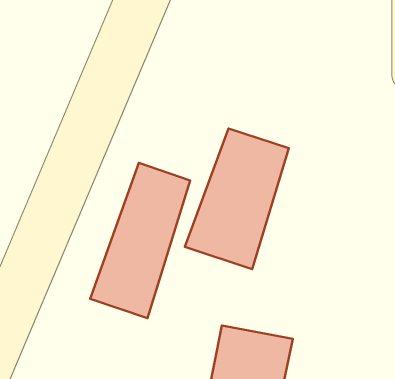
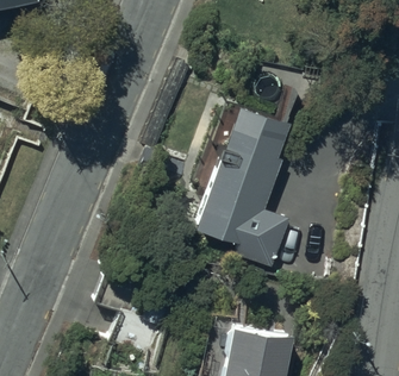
building: [90,163,190,318] -> none

